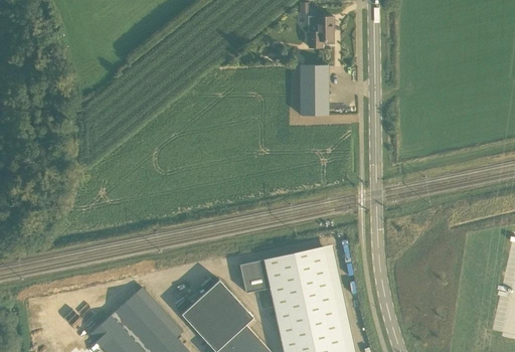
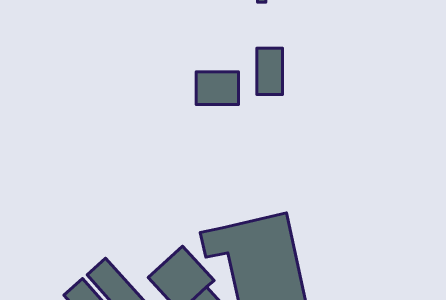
building: [308,16,334,47] -> none
building: none -> [196,72,239,104]

